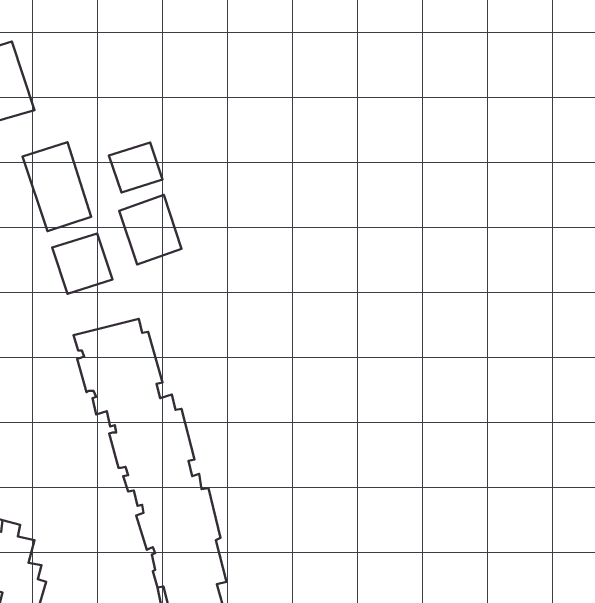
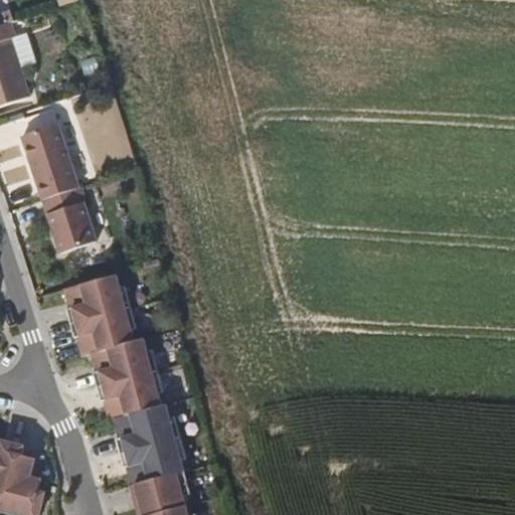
building: [109,143,162,193] -> none
building: [119,195,182,265] -> none

